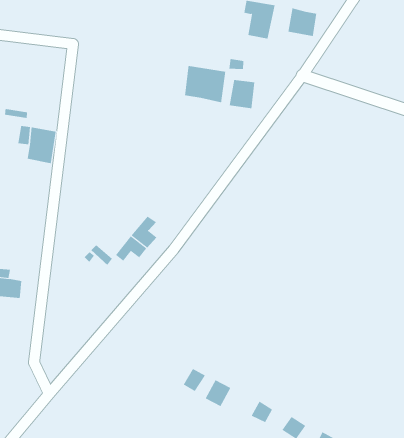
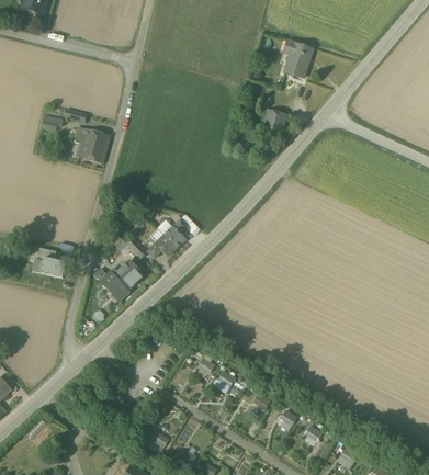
building: [288,7,317,37] -> none
building: [184,65,226,103] -> none
building: none -> [101,260,145,299]

